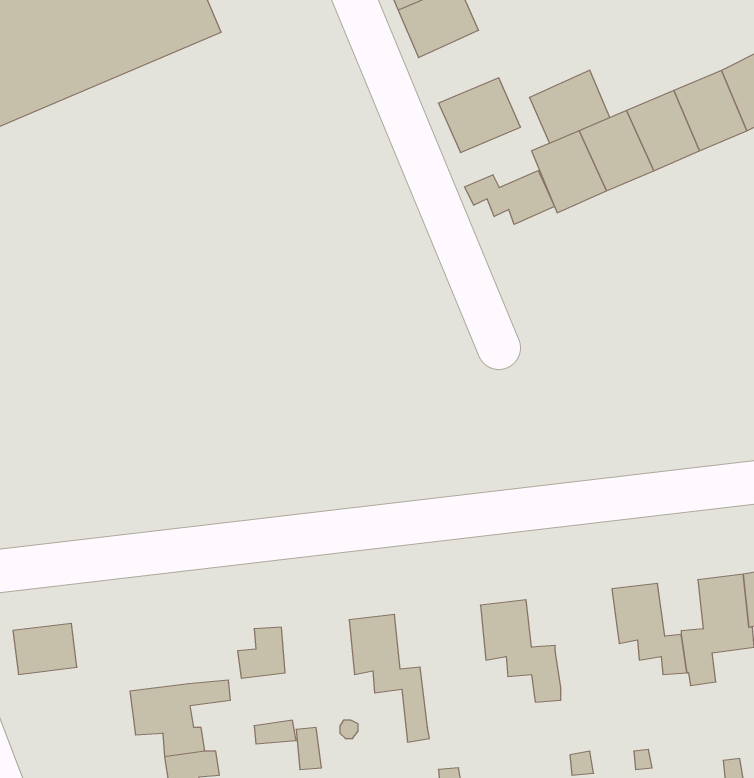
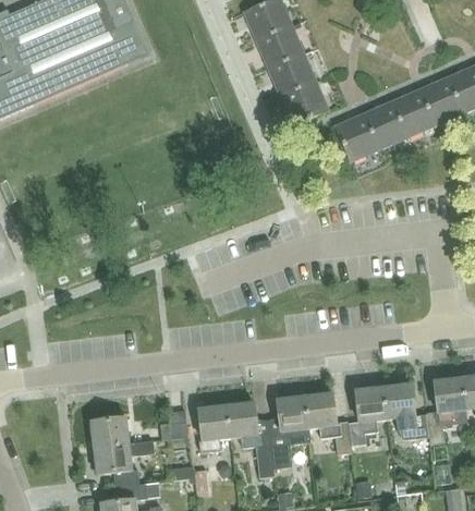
building: [529,70,610,143] -> [267,52,315,96]
building: [465,171,555,224] -> none
building: none -> [349,386,387,445]
building: none -> [268,396,309,469]
building: none -> [198,404,229,452]
building: [13,623,77,674] -> [92,416,130,447]

